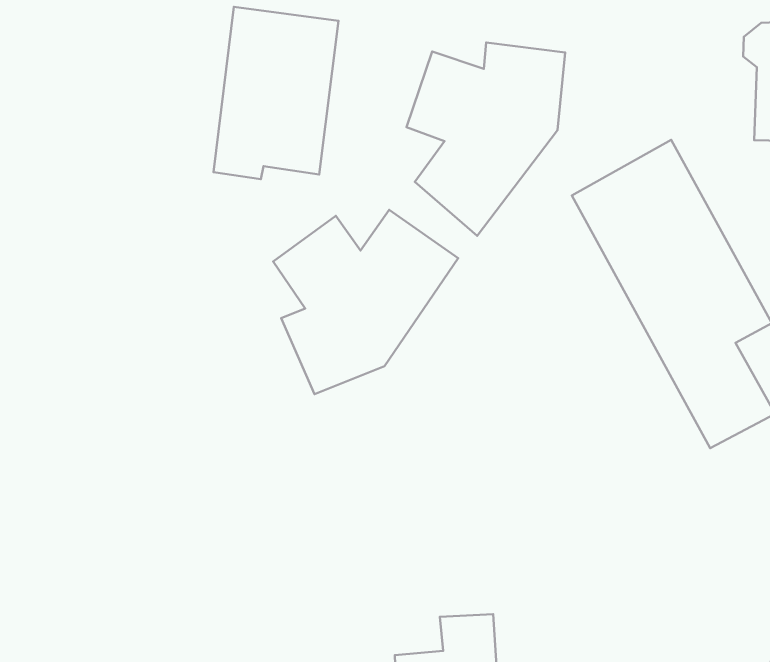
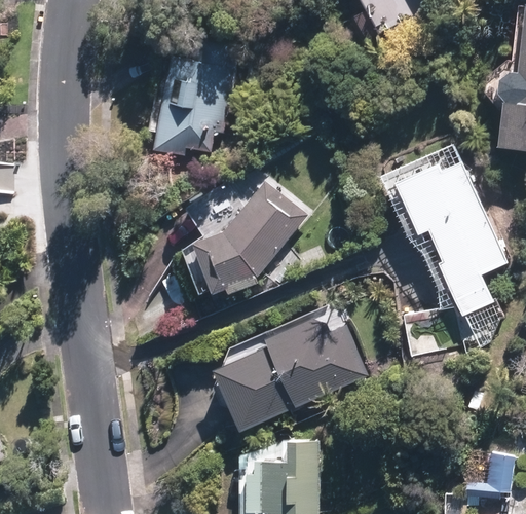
building: [406,42,565,236] -> none
building: none -> [214,319,371,429]

